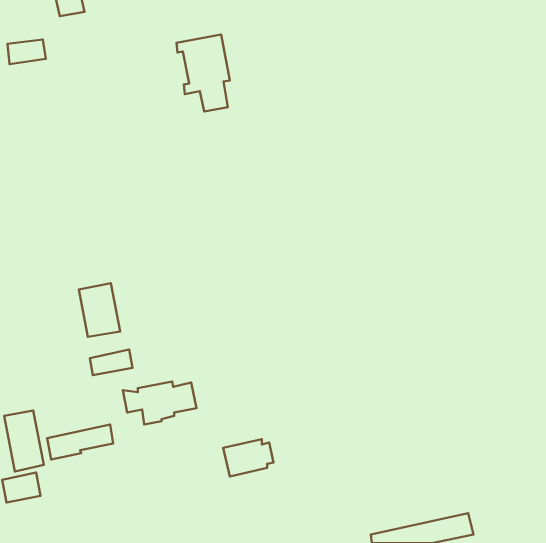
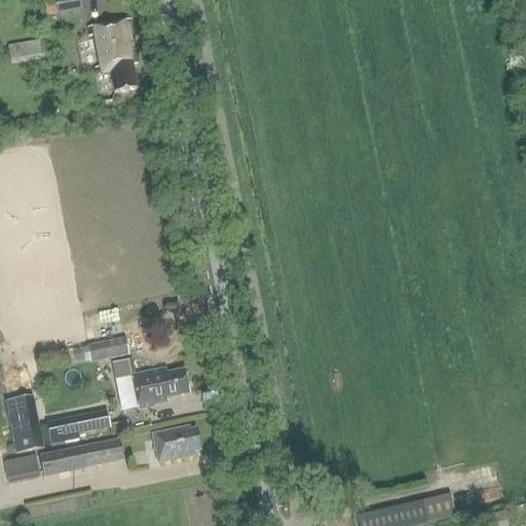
building: [176,34,230,111] -> [87,17,139,91]
building: [79,283,120,337] -> none
building: [223,439,273,477] -> [152,425,200,461]
building: none -> [39,438,123,475]

